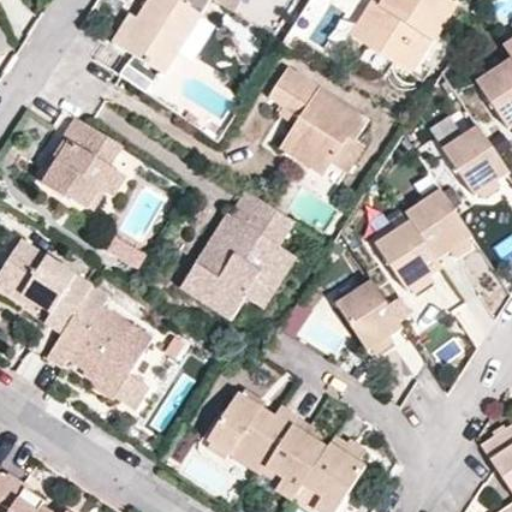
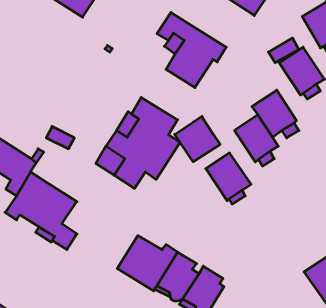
building: [43,121,125,209] -> none
building: none -> [175,116,220,162]

